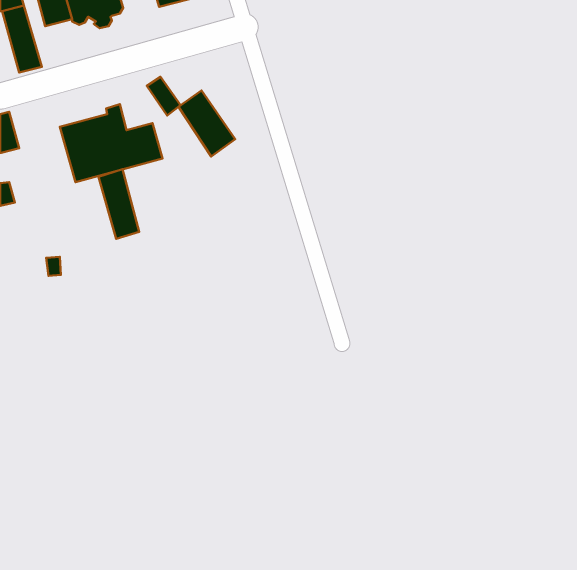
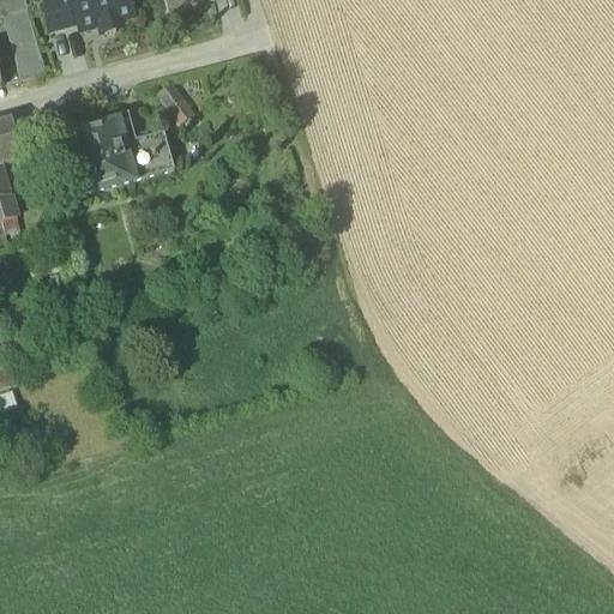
building: [179,91,235,156] -> none
building: [99,169,139,239] -> none

